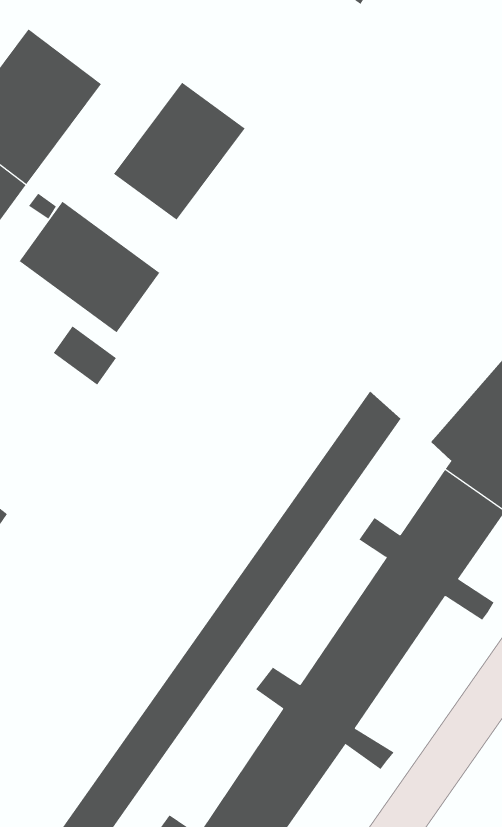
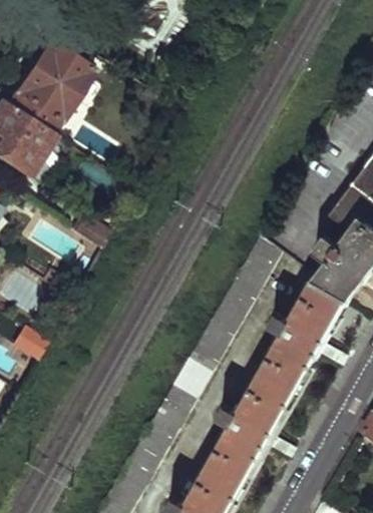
building: [113,82,246,220] -> none
building: [19,201,160,333] -> none

